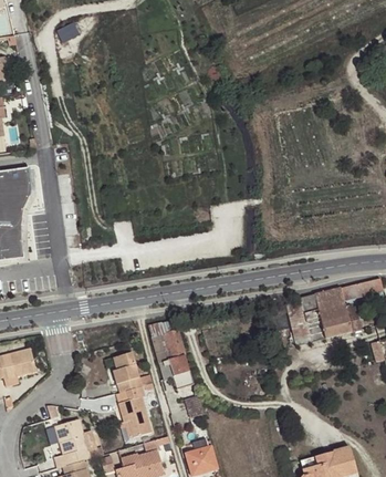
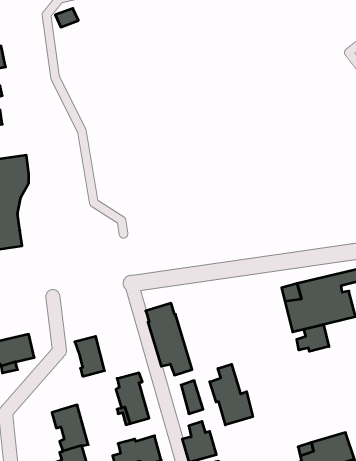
building: none -> [297,324,329,351]
building: [112,352,142,392] -> [75,336,105,376]
building: none -> [210,364,253,425]

